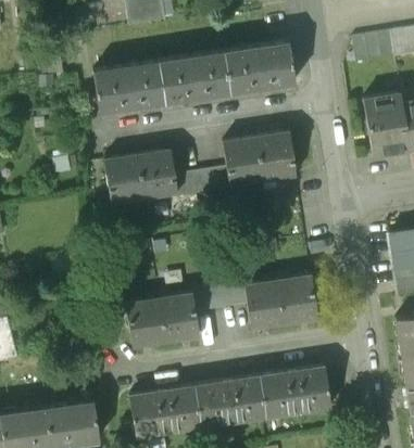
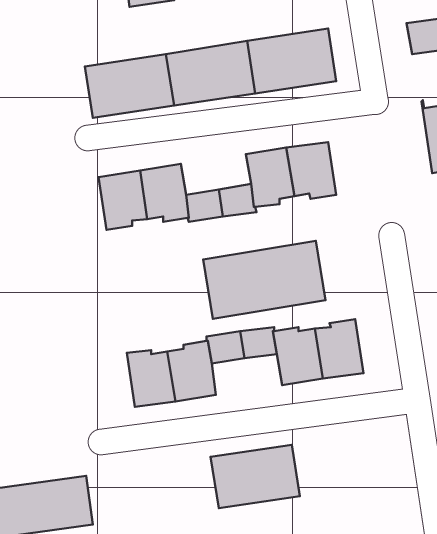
building: none -> [203,241,326,319]
building: [260,366,331,417] -> none
building: [130,385,201,437] -> none

